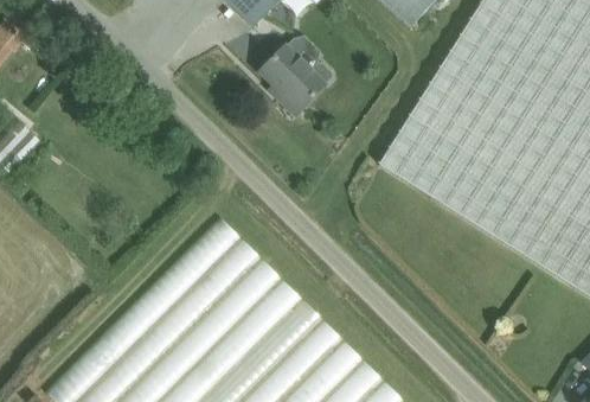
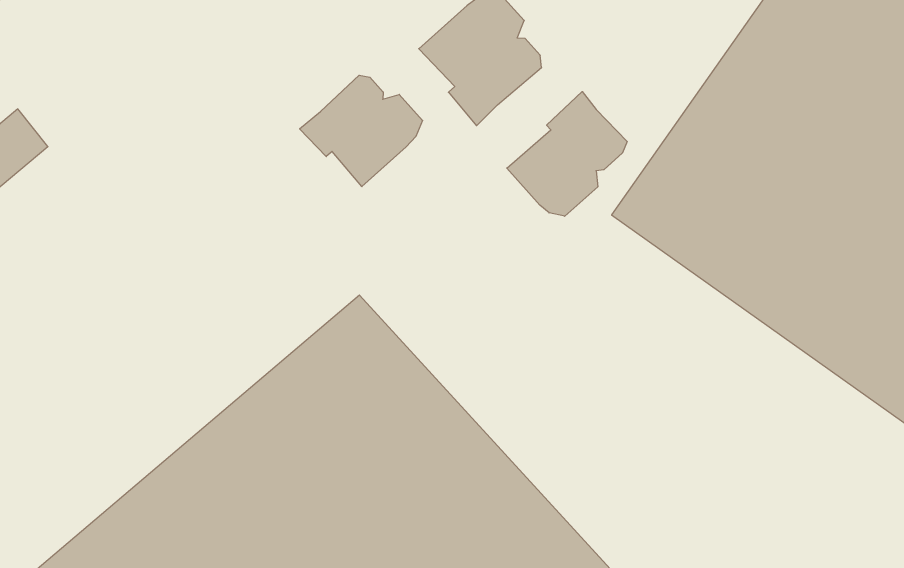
building: none -> [300,75,423,187]
building: none -> [507,92,627,216]

